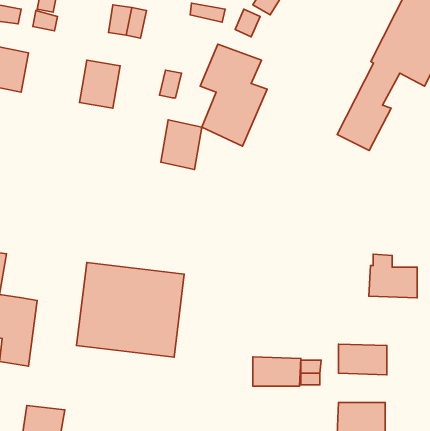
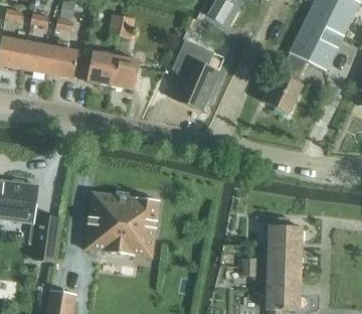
building: none -> [48,40,78,77]
building: [161,120,202,169] -> [112,55,140,90]
building: [369,254,417,298] -> [267,218,301,249]
building: [253,357,301,386] -> [267,268,301,288]

